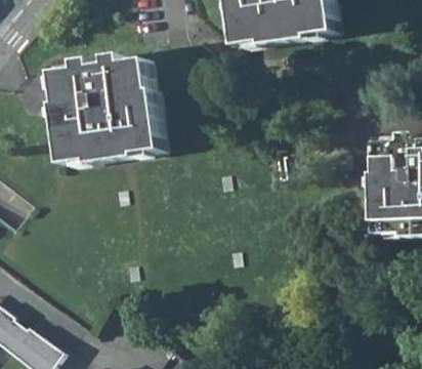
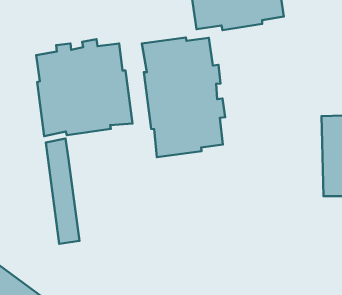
building: none -> [142,38,225,157]
building: none -> [46,139,80,244]

